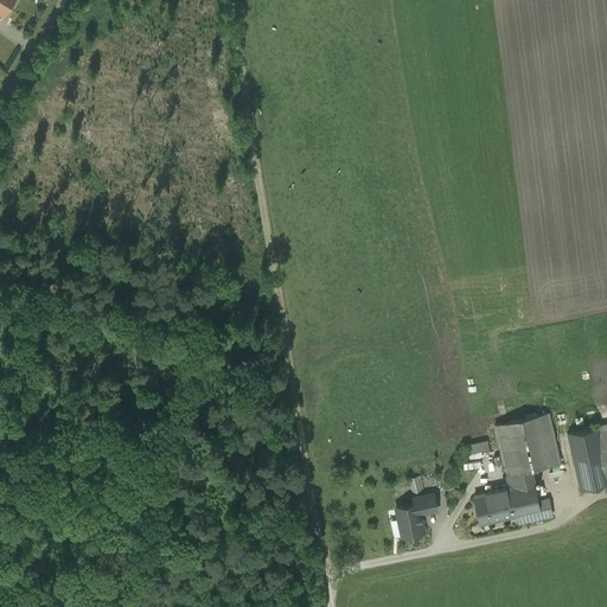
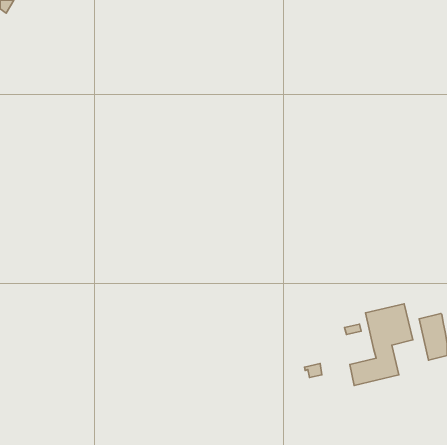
building: [396,504,424,538] -> none

